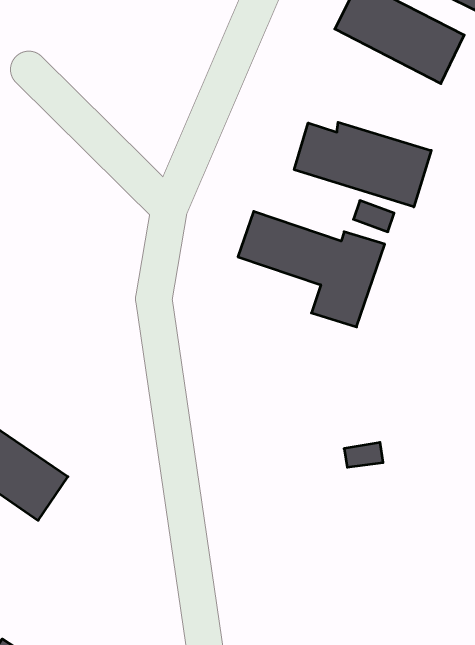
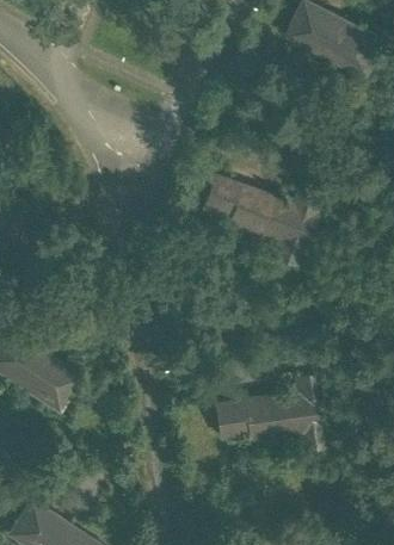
building: [294,122,431,207] -> none
building: none -> [214,371,330,447]

